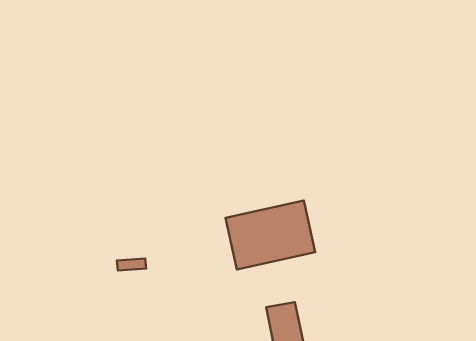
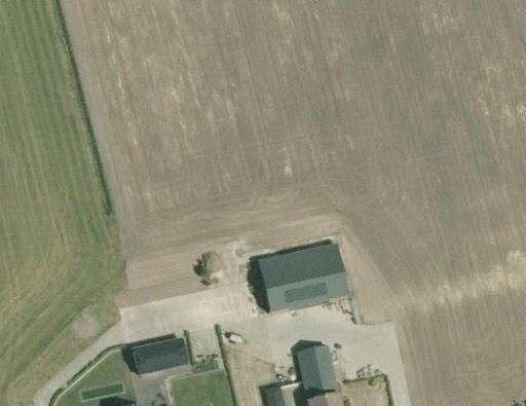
building: none -> [133,338,186,372]

